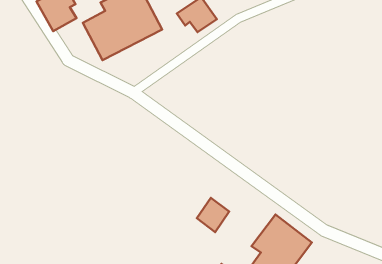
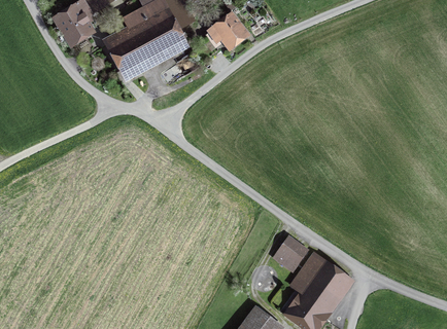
building: [197,198,229,232] -> [272,235,308,273]

